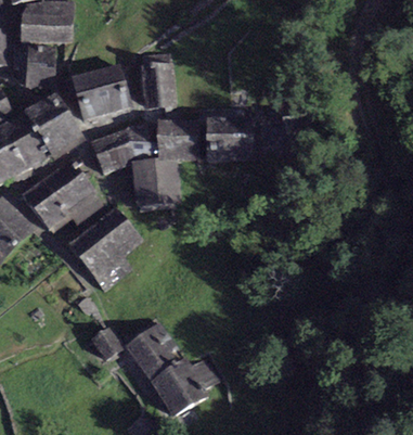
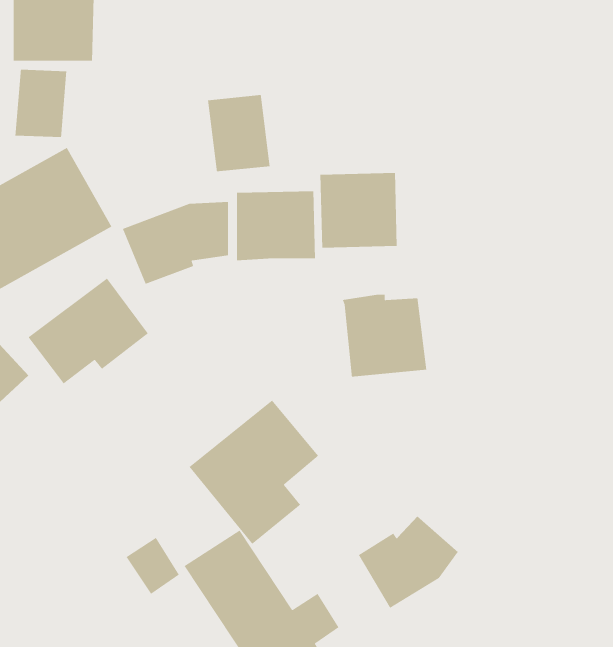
building: [70,63,131,120] -> none
building: [130,157,181,207] -> [342,294,427,377]
building: [65,206,143,293] -> [189,400,319,545]
building: none -> [358,515,459,609]

